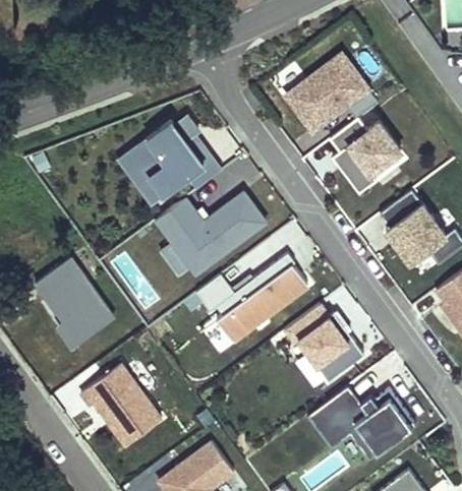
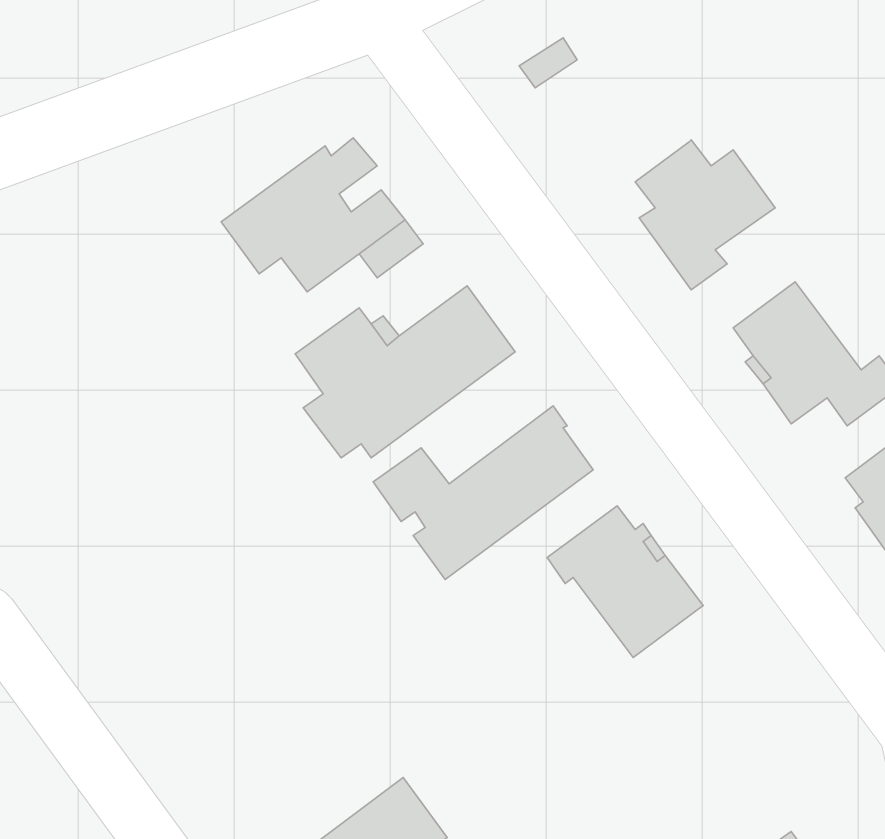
building: [287,55,379,131] -> none
building: [36,260,116,353] -> none
building: [80,363,161,445] -> none
building: [307,386,416,461] -> none

